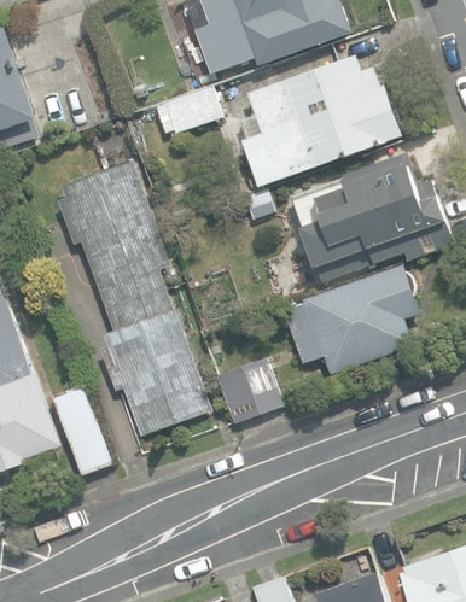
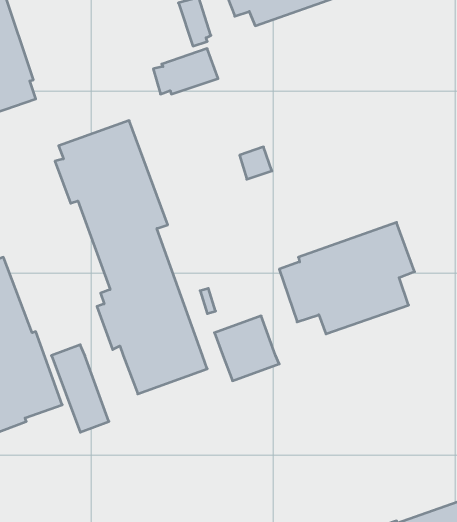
building: [239,55,401,187] -> none
building: [290,154,454,282] -> none

